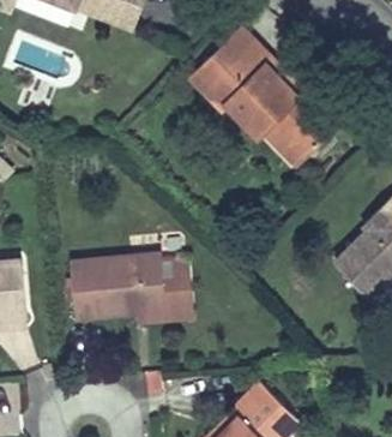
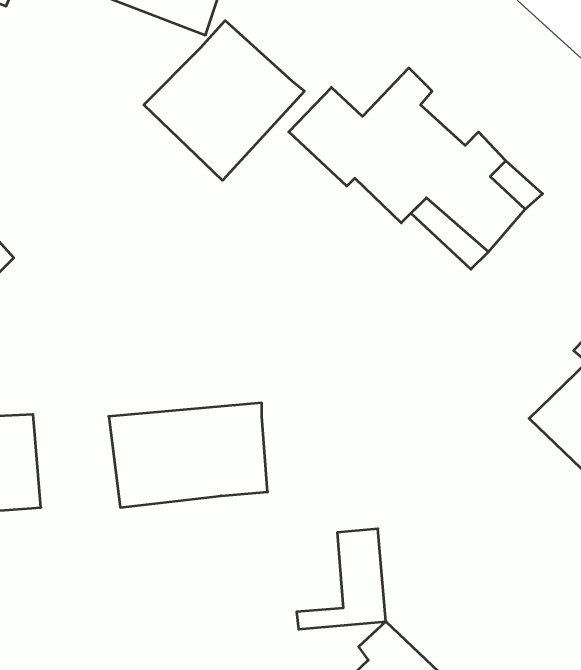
building: none -> [144,21,304,180]
building: [211,30,259,78] -> none
building: [143,262,198,324] -> [297,529,386,629]

